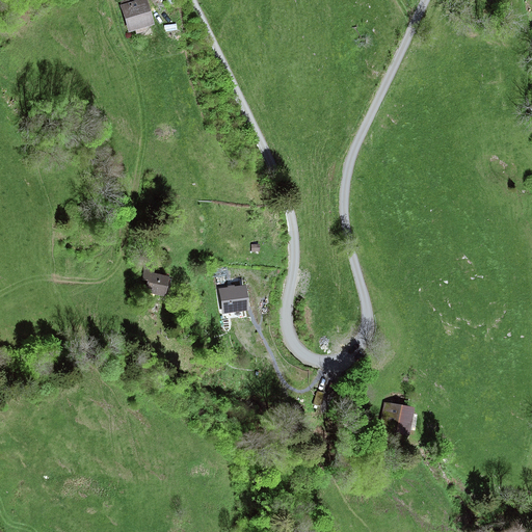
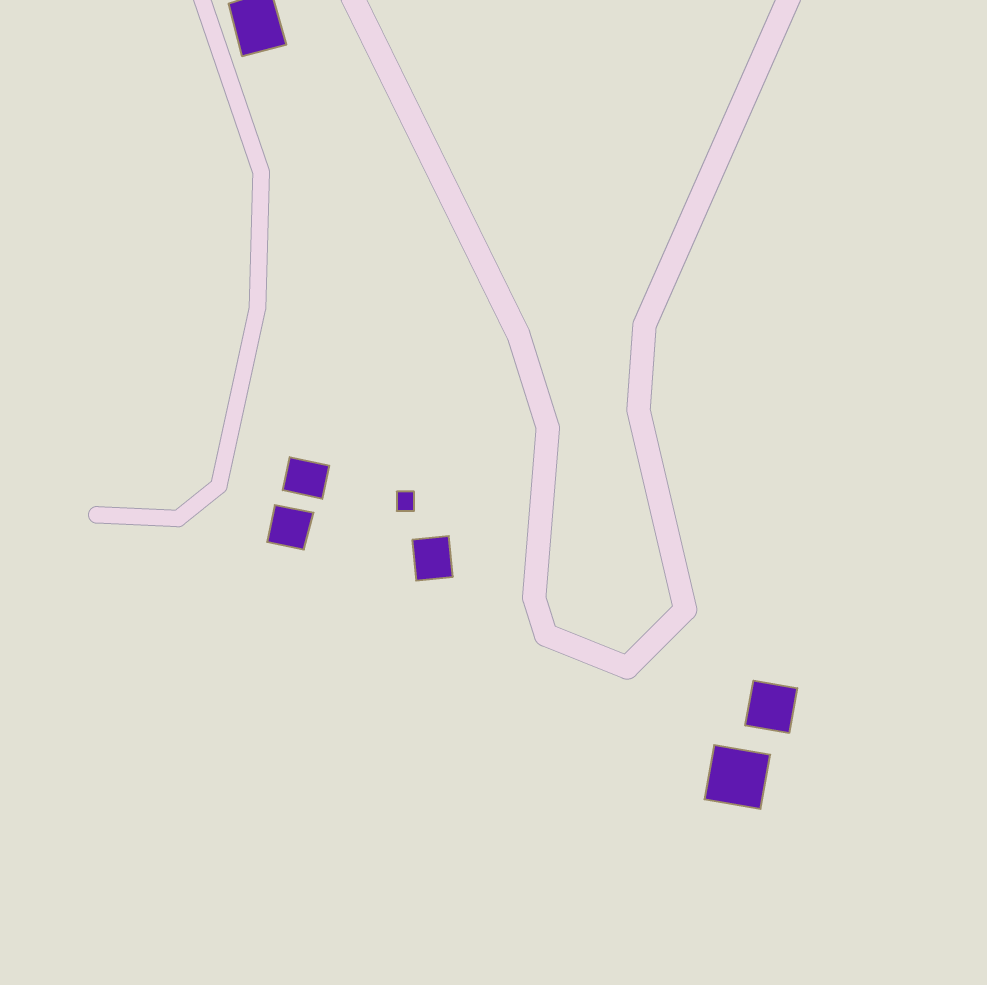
building: none -> [283,457,329,499]
building: none -> [745,681,797,733]

